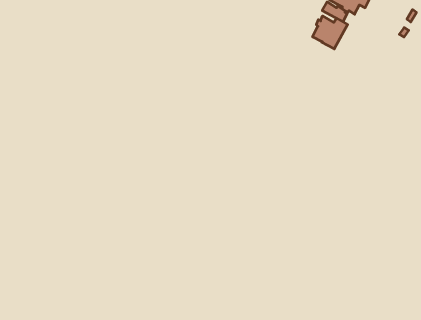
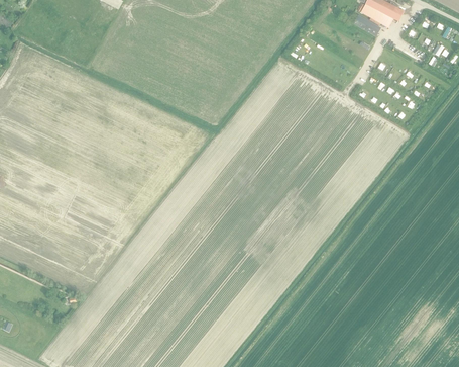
building: [313,16,348,49] -> none

